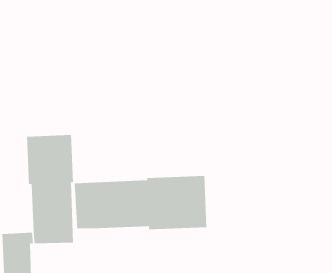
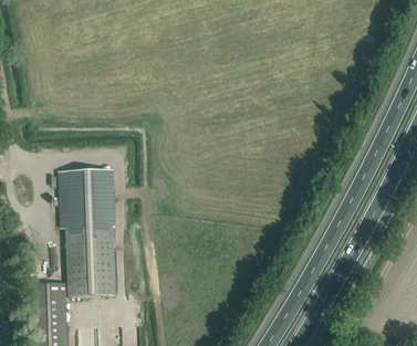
building: [74,175,207,230] -> none

